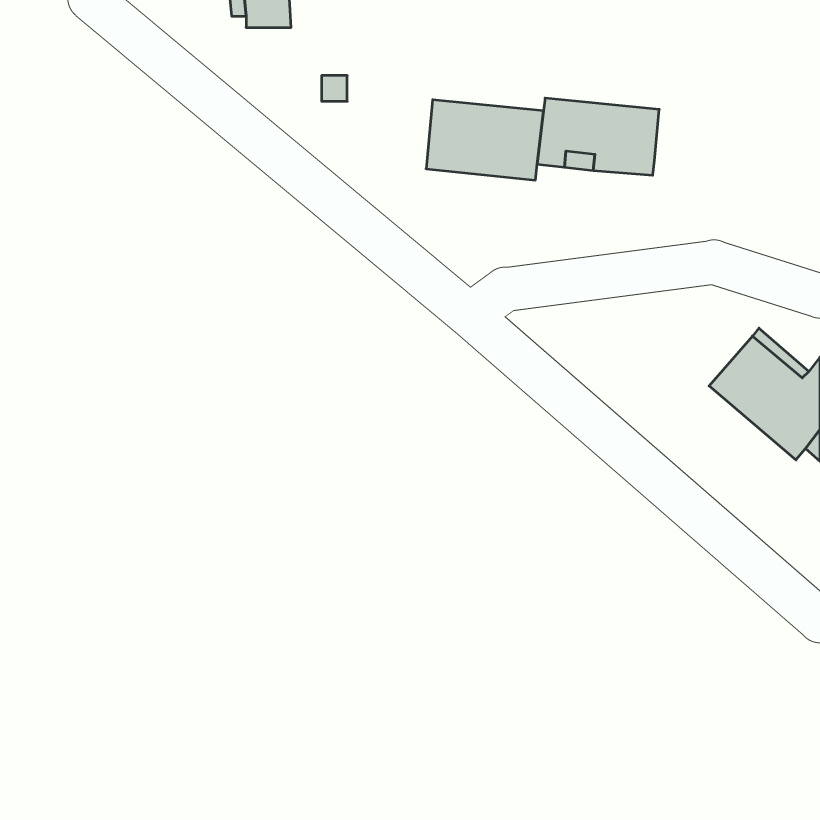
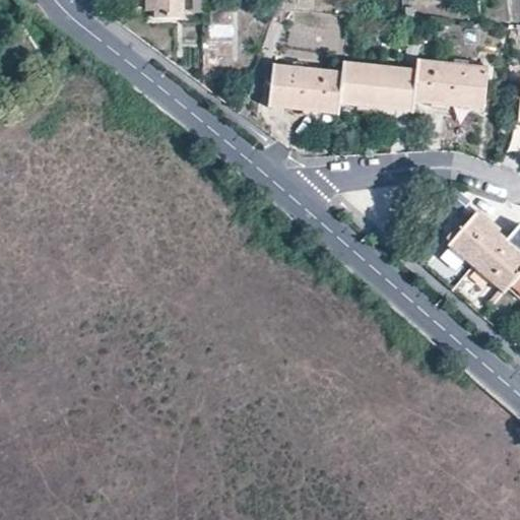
building: none -> [413,59,486,109]

